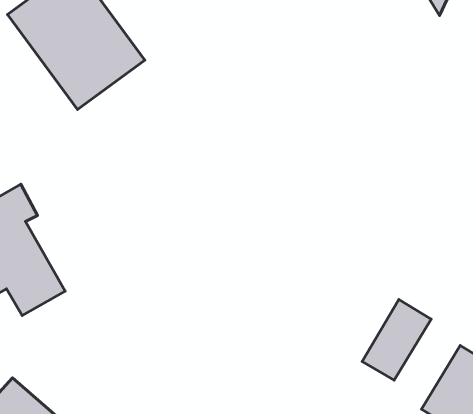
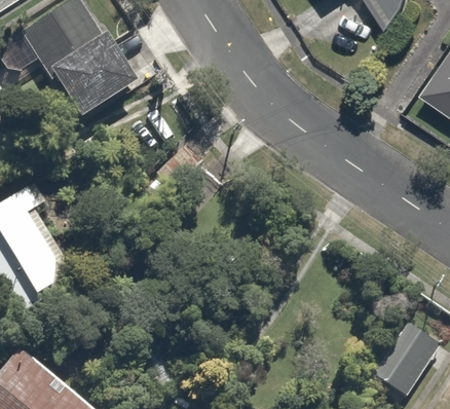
building: [362,299,431,380] -> none

